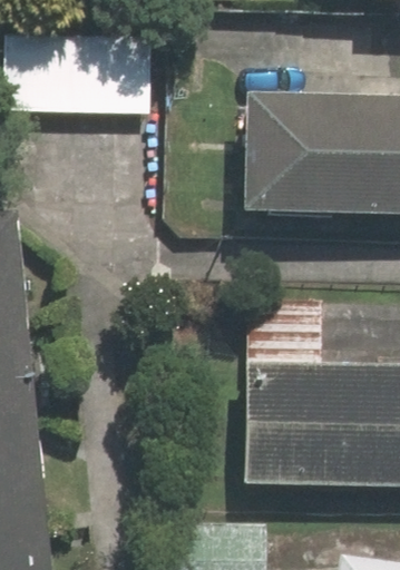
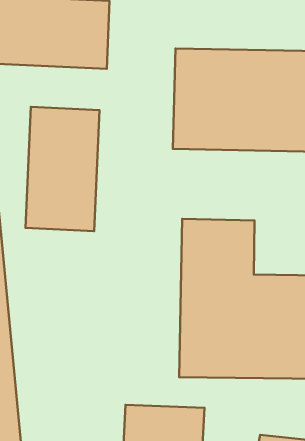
building: none -> [26,107,100,231]

